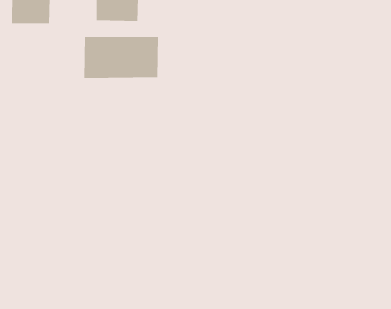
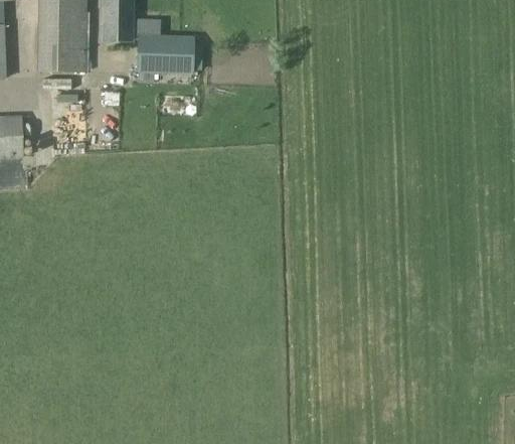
building: [84,36,158,79] -> none

